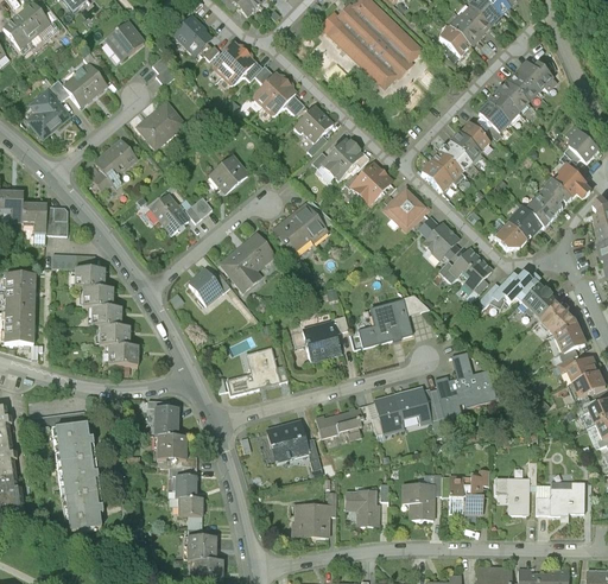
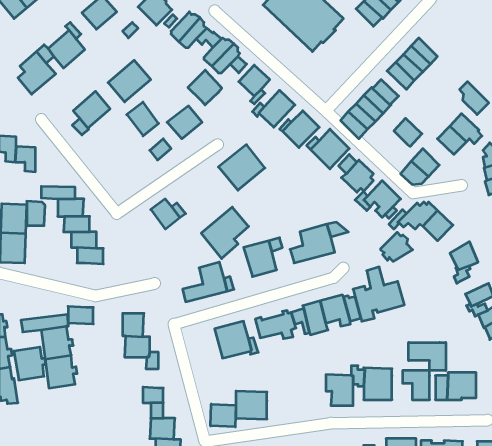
building: [515,61,553,94] -> none
building: none -> [188,70,222,105]
building: [148,193,188,235] -> [127,102,159,136]
building: [524,195,558,229] -> [394,118,422,146]
building: [45,205,68,235] -> [27,201,45,226]
building: [217,230,276,293] -> [201,207,249,259]
building: [538,299,577,335] -> [381,232,413,261]
building: [106,347,137,368] -> [68,306,93,324]
building: [565,356,598,385] -> none
building: none -> [409,342,446,371]
building: [175,475,196,500] -> none
building: [344,490,380,527] -> none
building: [62,495,101,535] -> [14,347,46,380]
building: none -> [211,404,236,427]

